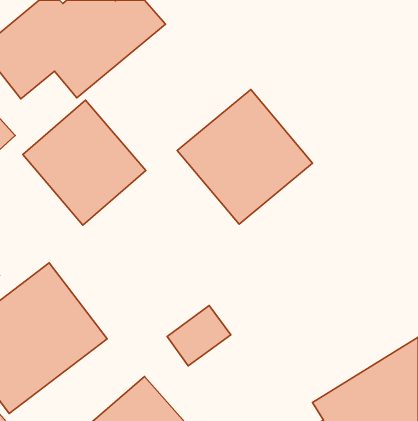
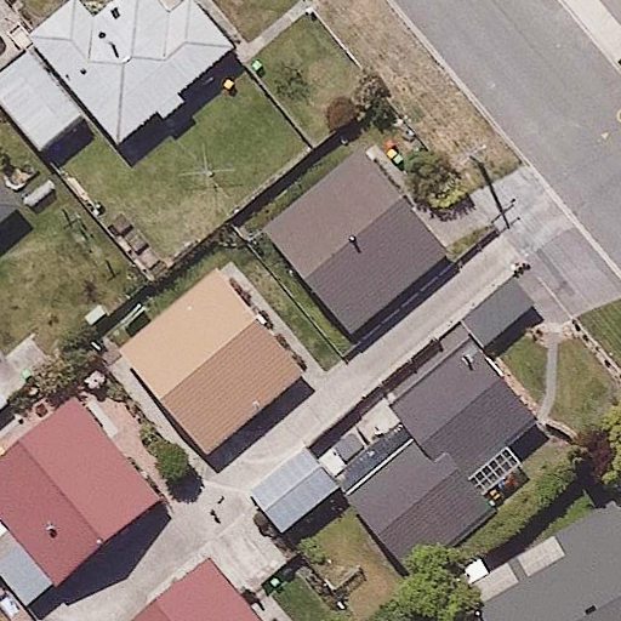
building: [23,100,146,225] -> none
building: none -> [115,266,308,460]
building: none -> [343,331,537,587]

